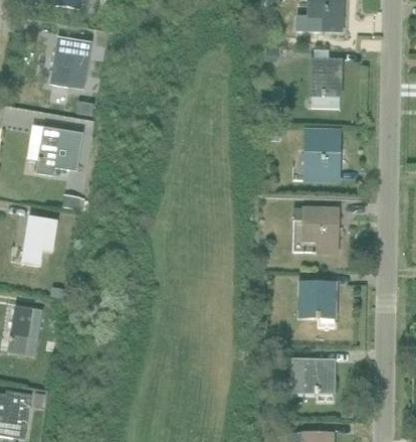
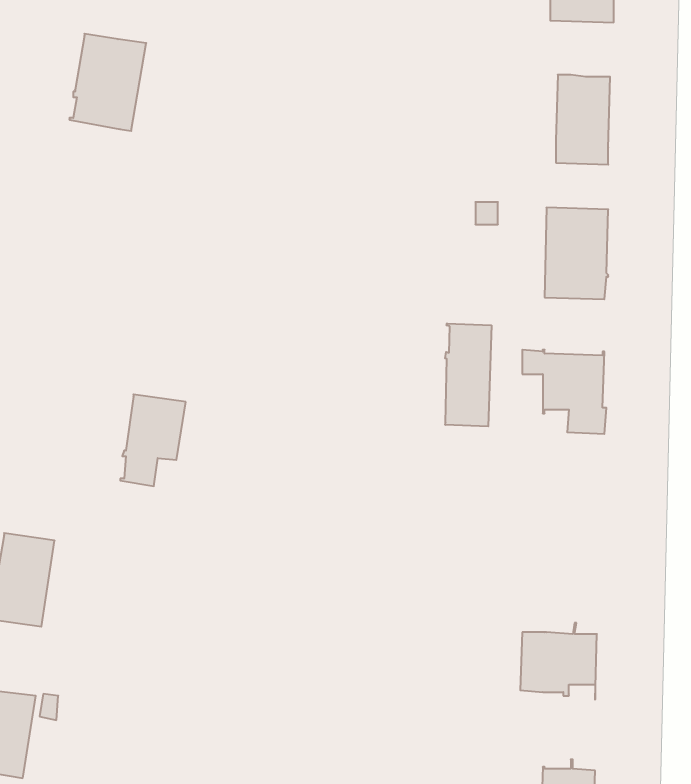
building: [29,127,82,177] -> none
building: none -> [445,323,491,426]
building: [21,216,56,266] -> [120,394,186,486]
building: [297,277,335,321] -> none

